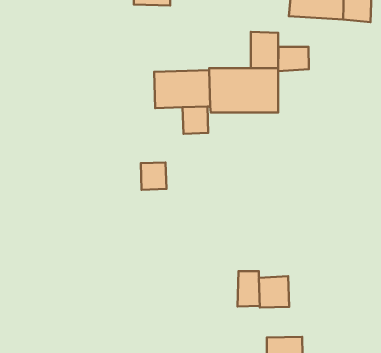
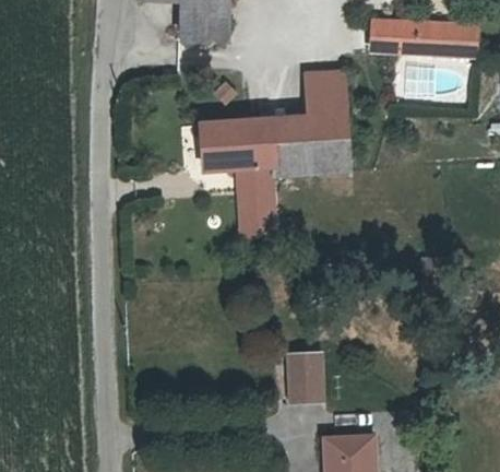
building: [278,47,309,71] -> none
building: [141,162,166,190] -> [235,194,266,228]
building: [259,276,289,307] -> none

